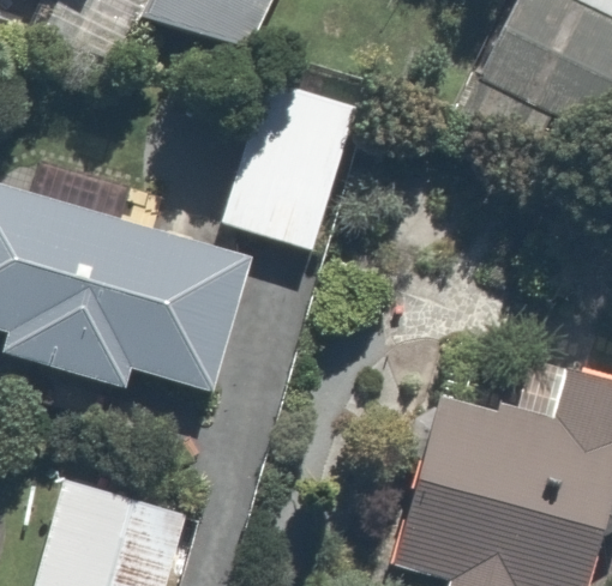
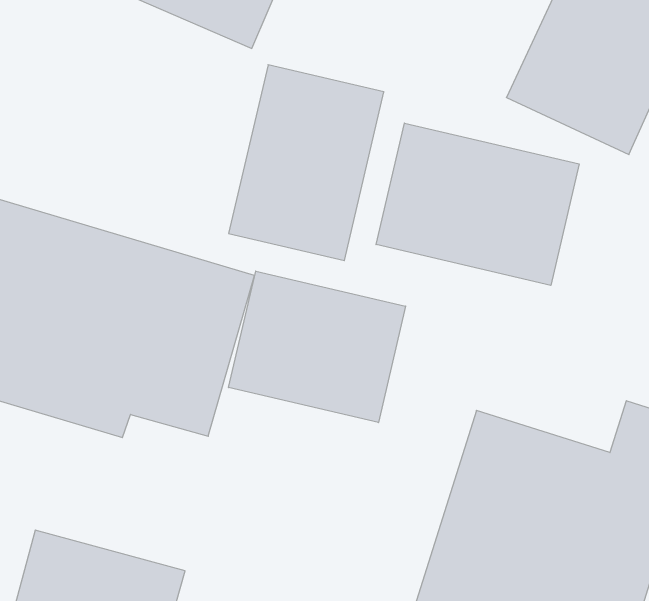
building: none -> [376,123,579,285]
building: none -> [229,271,406,423]

